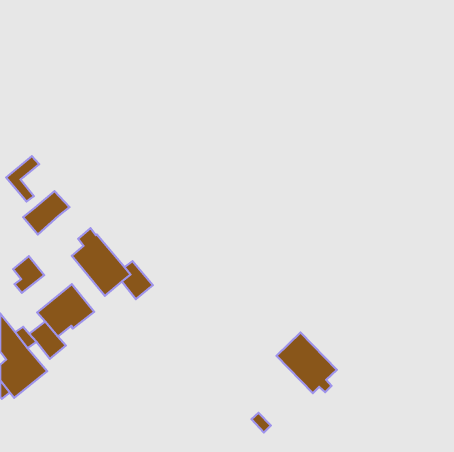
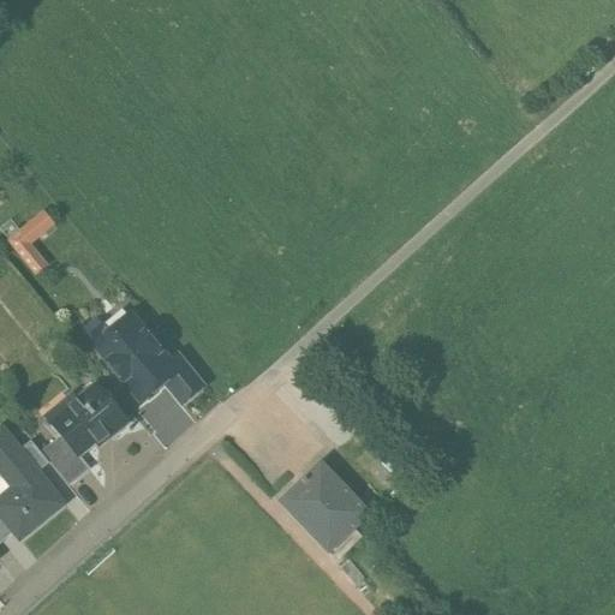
building: [23,191,69,234] -> none
building: [13,256,44,293] -> none
building: [276,333,337,393] -> [286,461,368,543]

